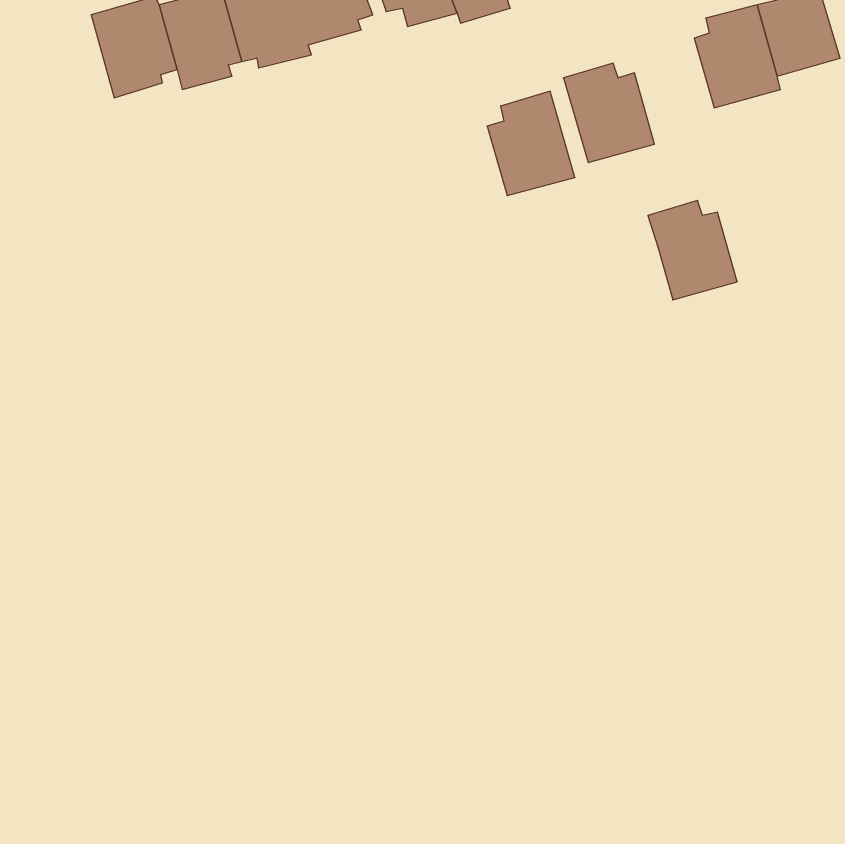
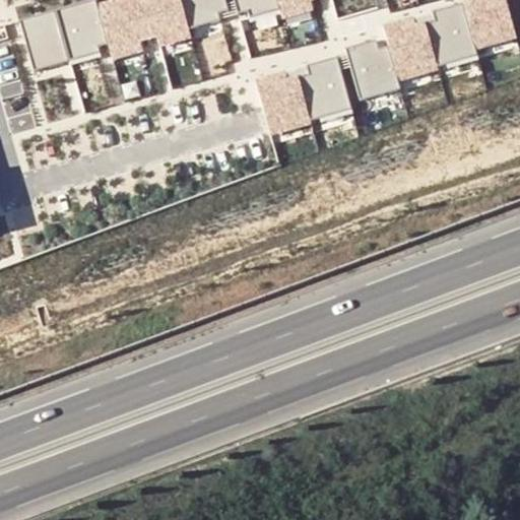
building: none -> [21,9,71,70]
building: none -> [256,70,312,131]
building: [648,200,737,300] -> [384,16,439,77]

